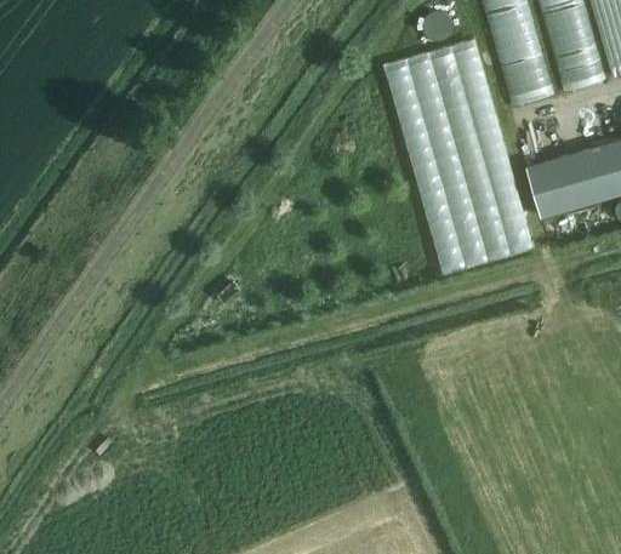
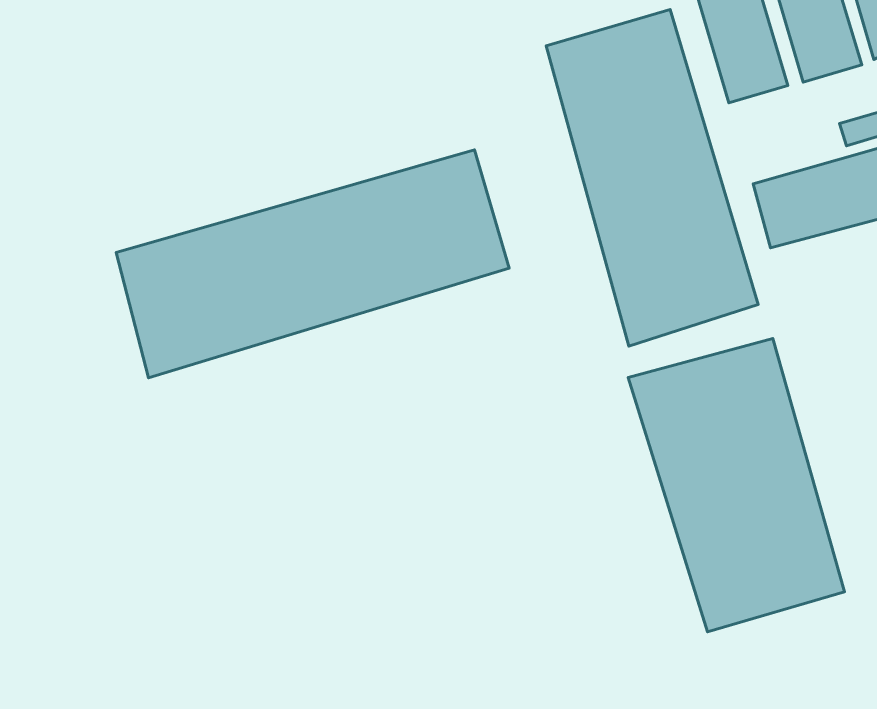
building: none -> [116,150,509,378]
building: none -> [628,339,845,632]

